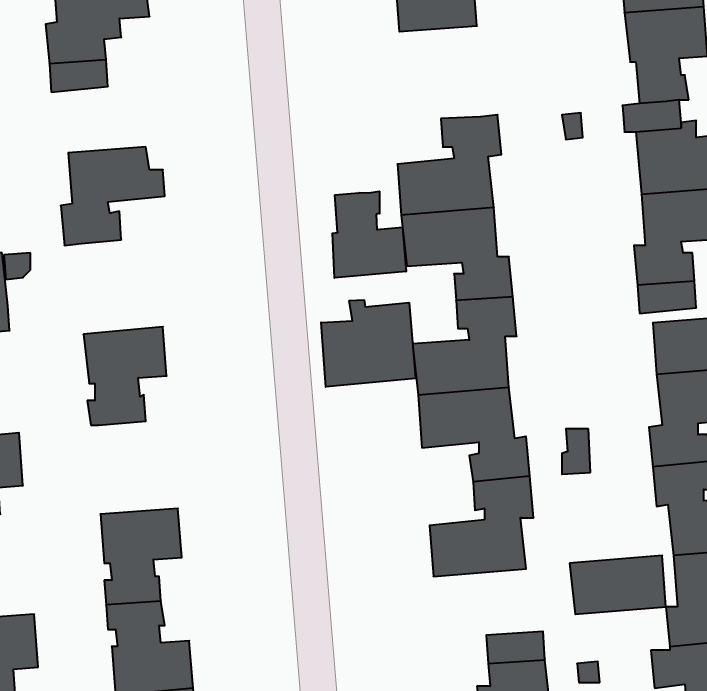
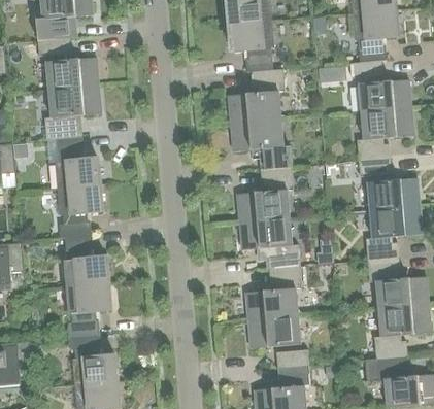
building: none -> [229,20,274,71]
building: none -> [46,57,98,89]
building: [332,191,406,278] -> none
building: none -> [55,136,100,188]
building: [321,300,415,387] -> none
building: none -> [63,235,108,285]
building: [570,556,666,614] -> [247,315,300,347]

